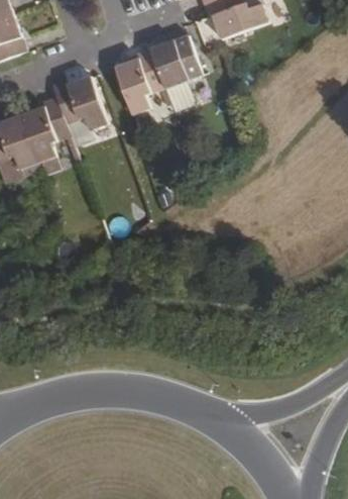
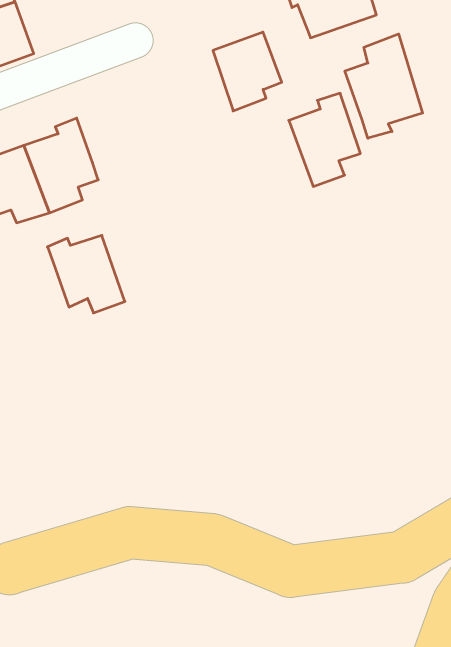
building: none -> [345,34,423,138]
building: [115,47,165,113] -> [289,93,360,186]
building: [51,76,106,130] -> [47,235,125,313]

